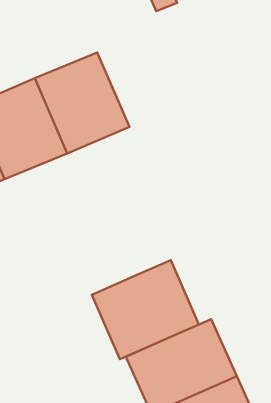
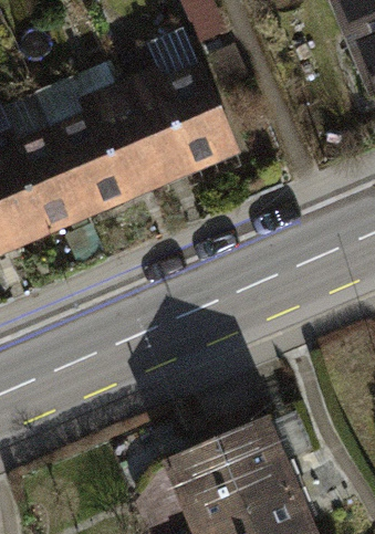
building: none -> [128,62,242,184]
building: [92,260,199,359] -> none

